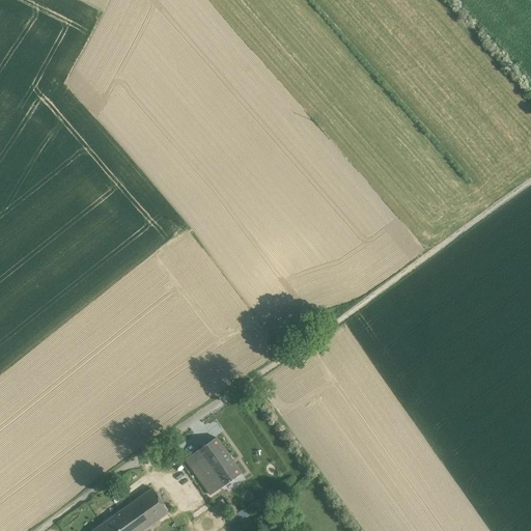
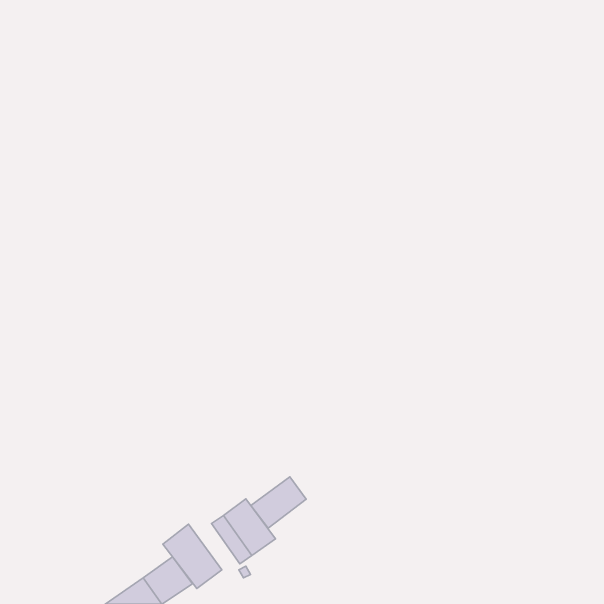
building: none -> [251,477,306,528]
building: none -> [163,524,222,588]

